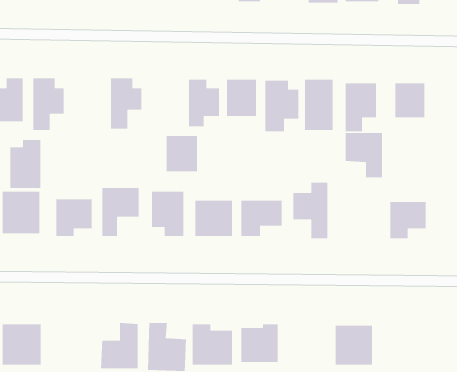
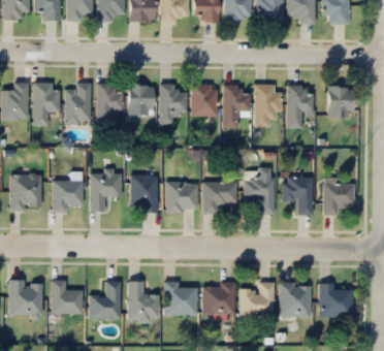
building: [345,132,383,178] -> [282,177,313,214]
building: [166,135,198,172] -> [128,85,154,115]
building: [9,139,41,189] -> [64,83,90,123]
building: none -> [52,280,82,313]
building: none -> [239,282,274,316]
building: none -> [318,284,352,317]

